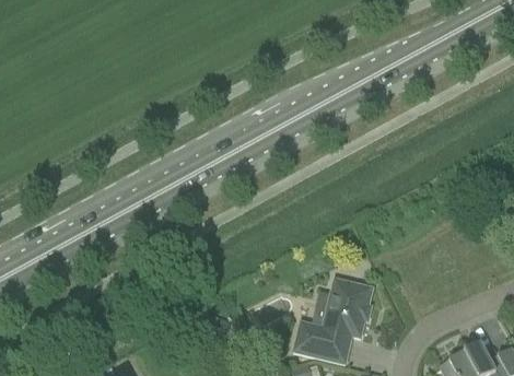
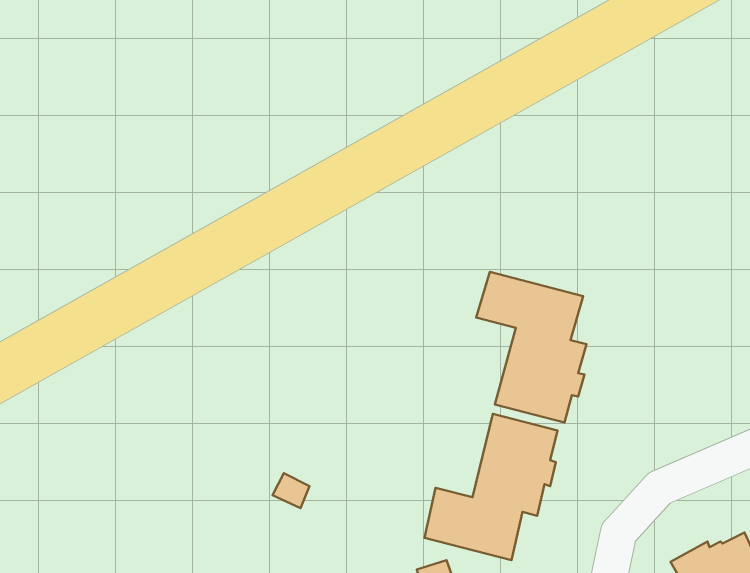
building: none -> [476,272,586,423]

